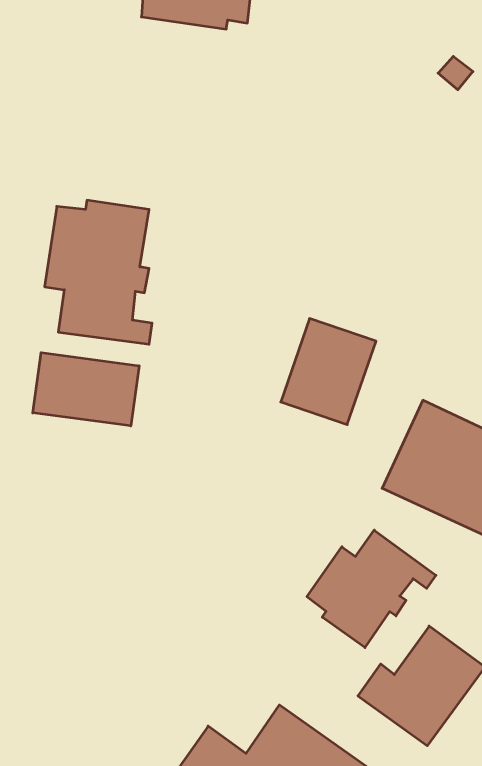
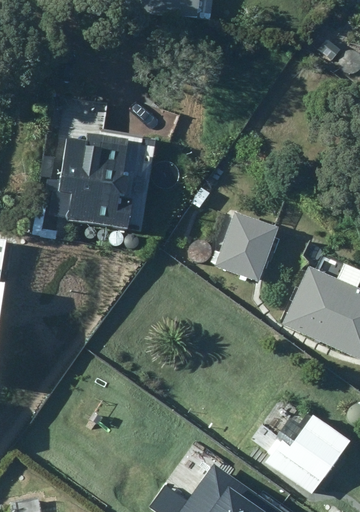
building: [33,353,139,426] -> none
building: [307,530,436,648] -> none

